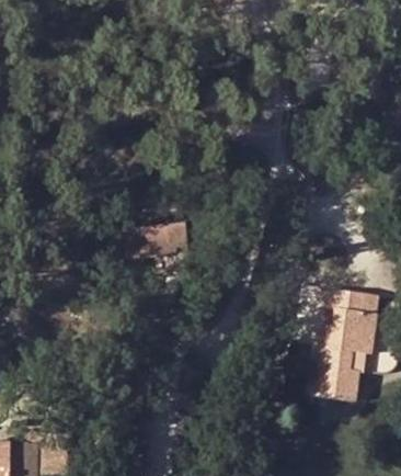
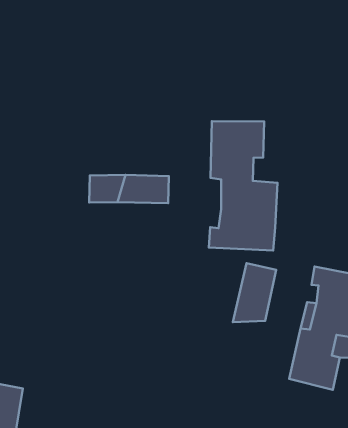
building: none -> [209,121,277,251]
building: none -> [233,263,276,322]

